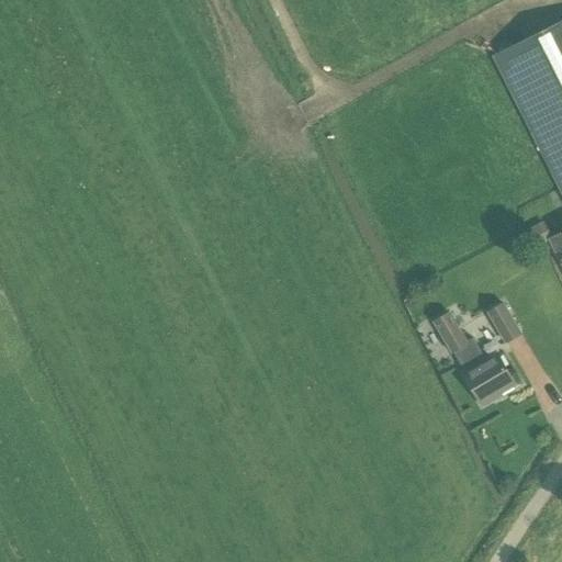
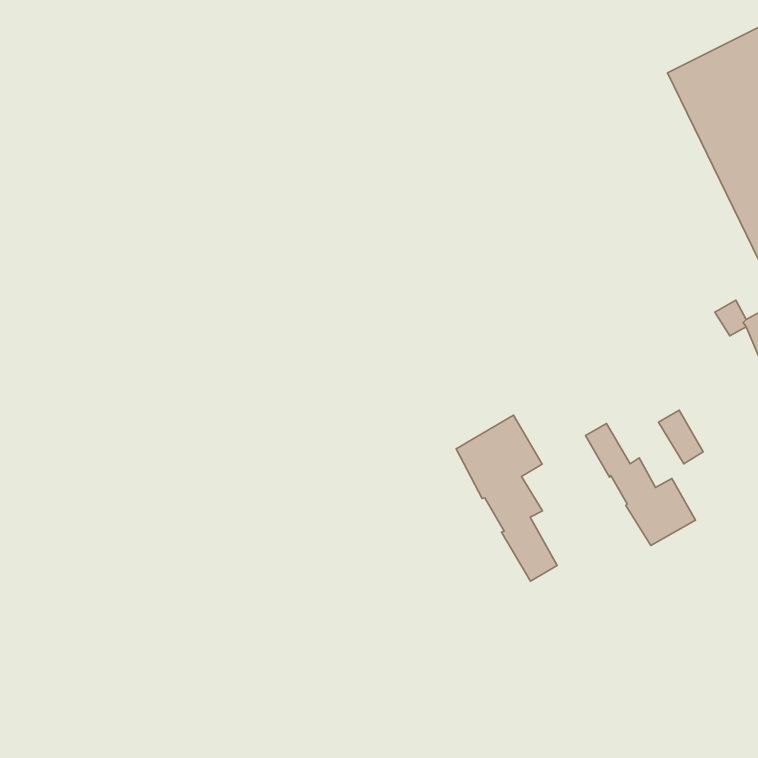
building: none -> [456,415,557,581]

